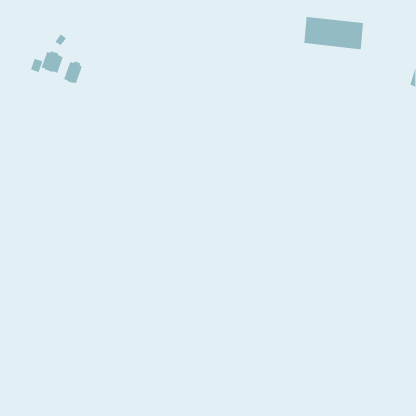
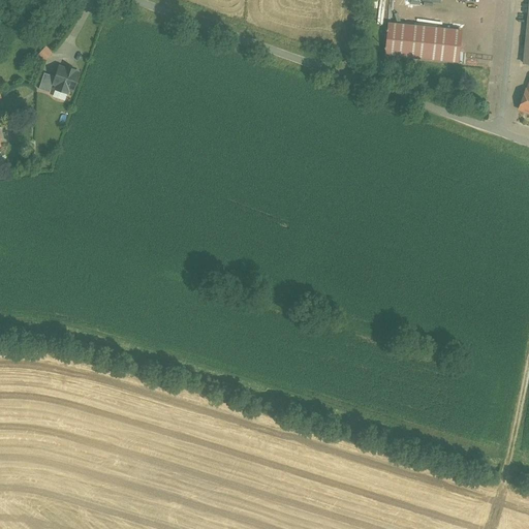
building: [63,61,83,84] -> none

